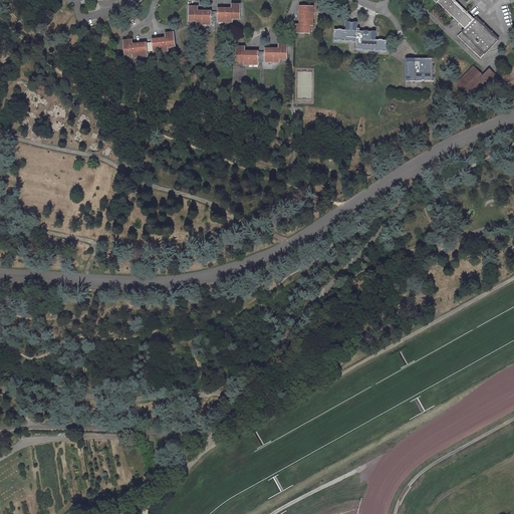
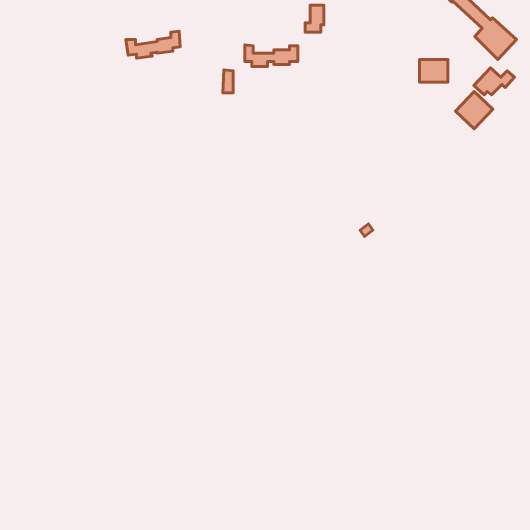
building: [189,4,240,23] -> none
building: [332,21,384,49] -> none
building: none -> [455,92,493,129]

